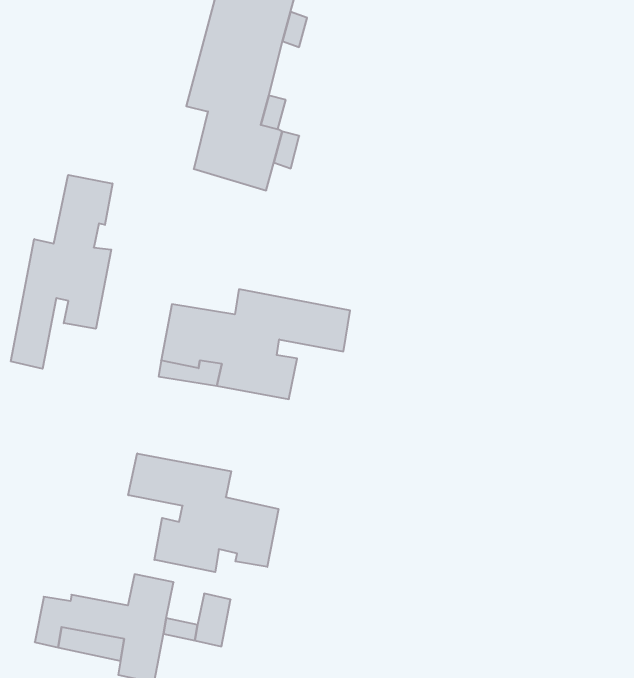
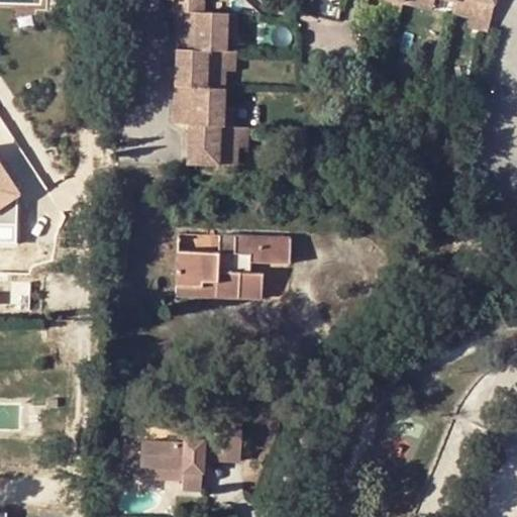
building: [11,175,112,369] -> none
building: [128,453,278,572] -> none

